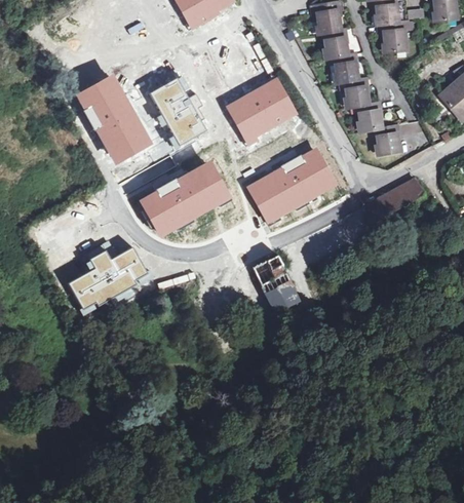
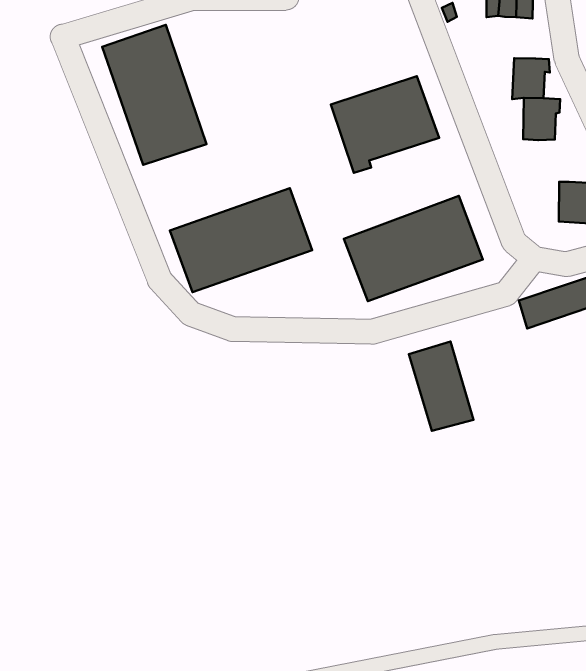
building: [323,29,347,57] -> none
building: [151,78,206,144] -> none
building: [357,101,381,130] -> none
building: [69,246,148,309] -> none
building: [252,255,299,312] -> [409,342,474,431]

